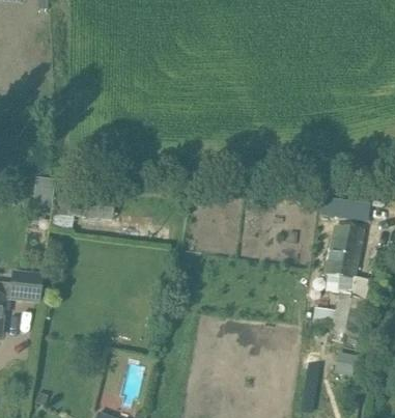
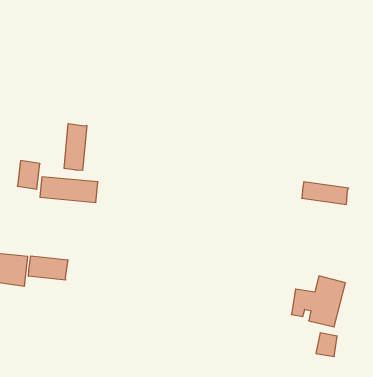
building: none -> [64,124,87,170]
building: [329,225,363,292] -> none
building: none -> [28,256,68,280]

